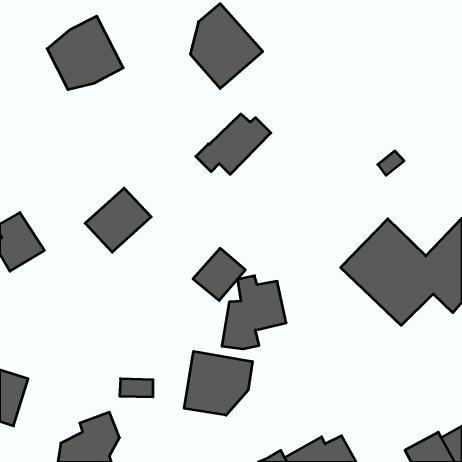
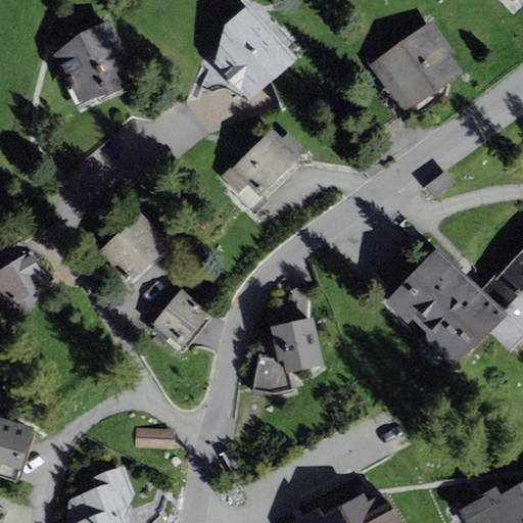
building: none -> [369,20,462,114]
building: [193,248,245,301] -> [151,289,210,348]
building: [184,351,252,415] -> none

